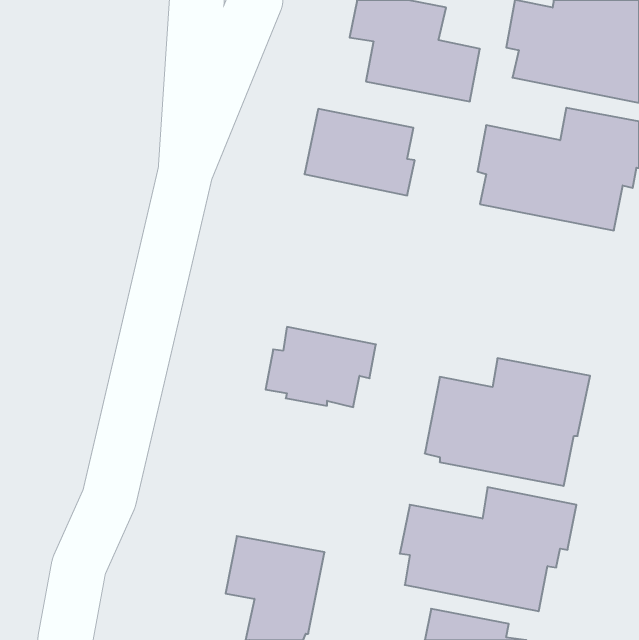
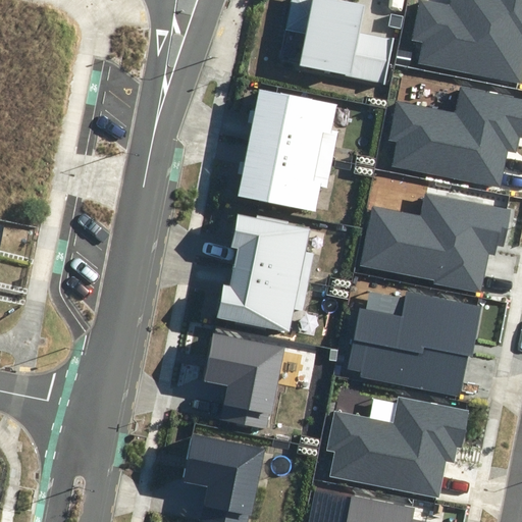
building: none -> [237,142,331,212]
building: none -> [360,192,511,293]
building: none -> [230,214,312,280]
building: none -> [203,334,283,428]

